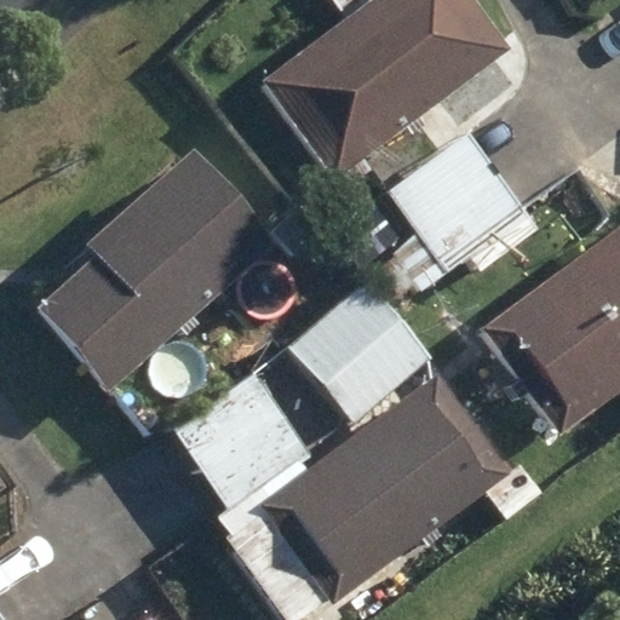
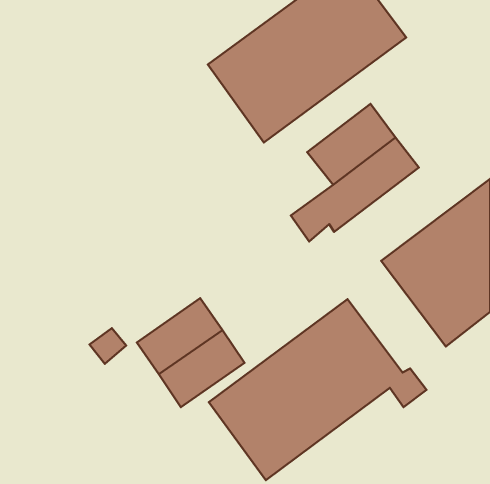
building: [42,151,274,388] -> none
building: [291,282,431,421] -> none

